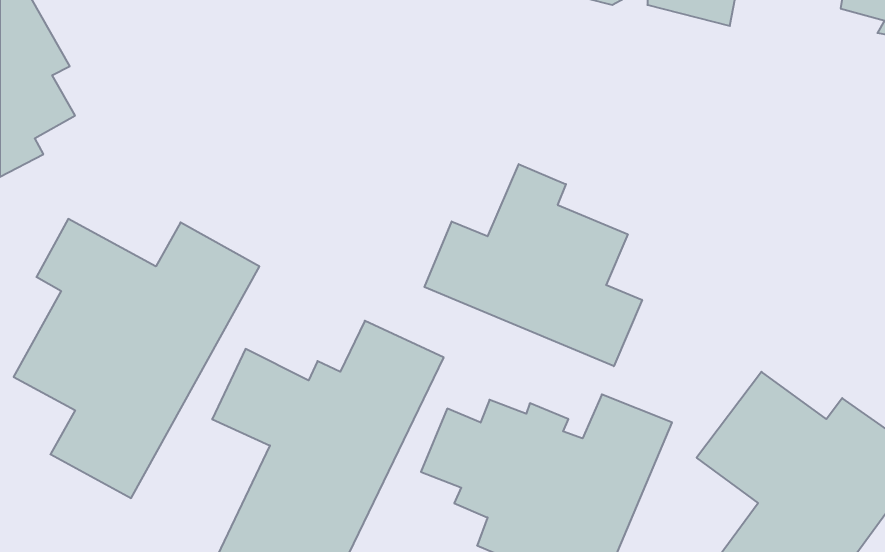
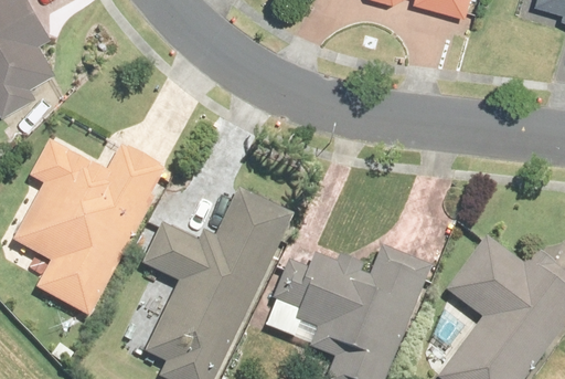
building: [424,164,642,366] -> none

